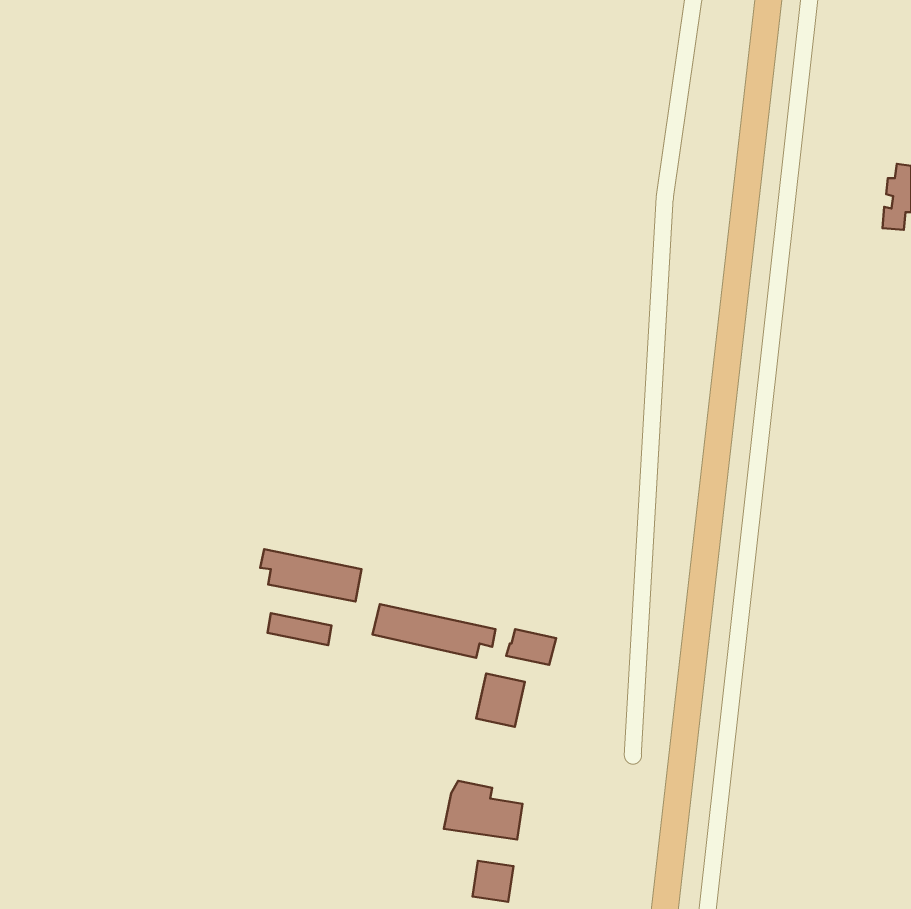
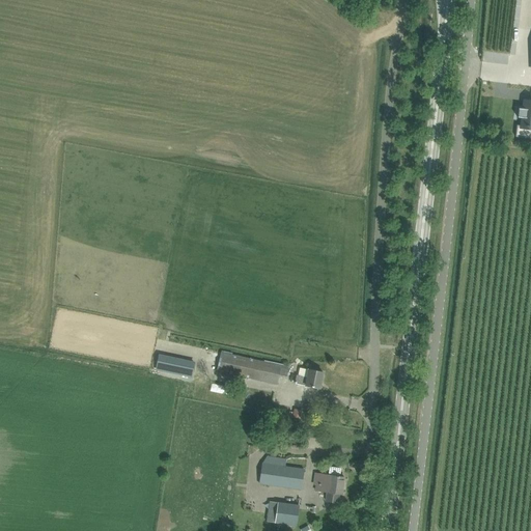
building: [260,549,362,601] -> none
building: [476,673,525,727] -> none
building: none -> [314,466,344,502]

